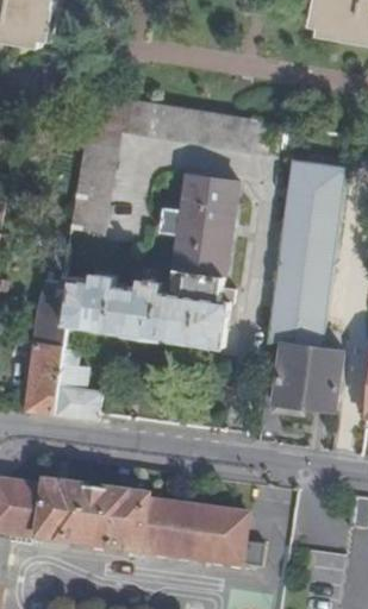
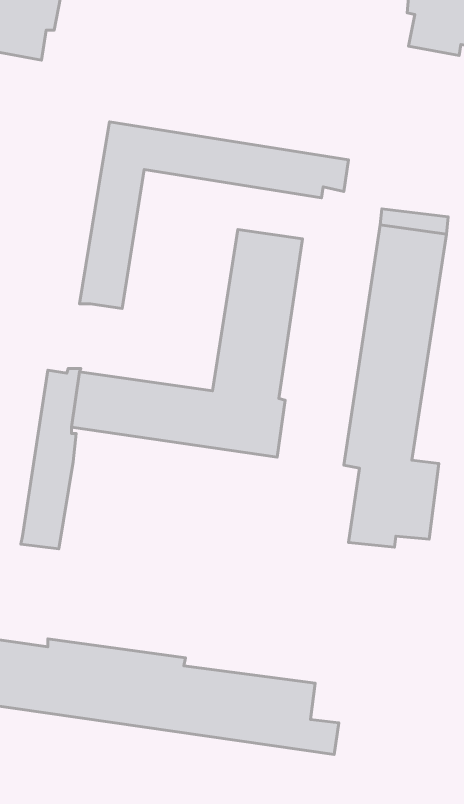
building: [52,349,96,419] -> none

